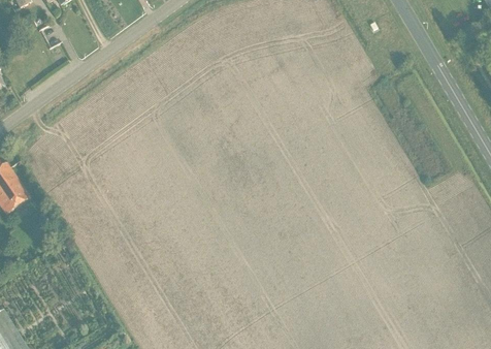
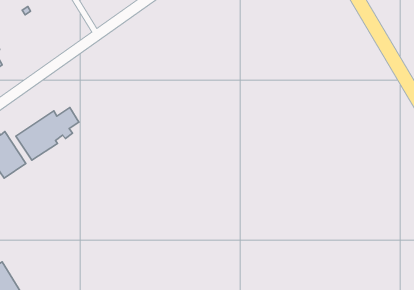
building: none -> [16,108,79,160]

